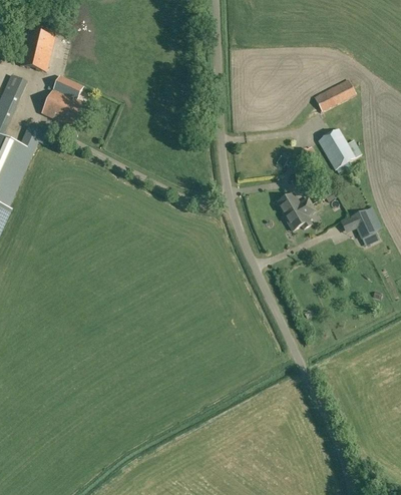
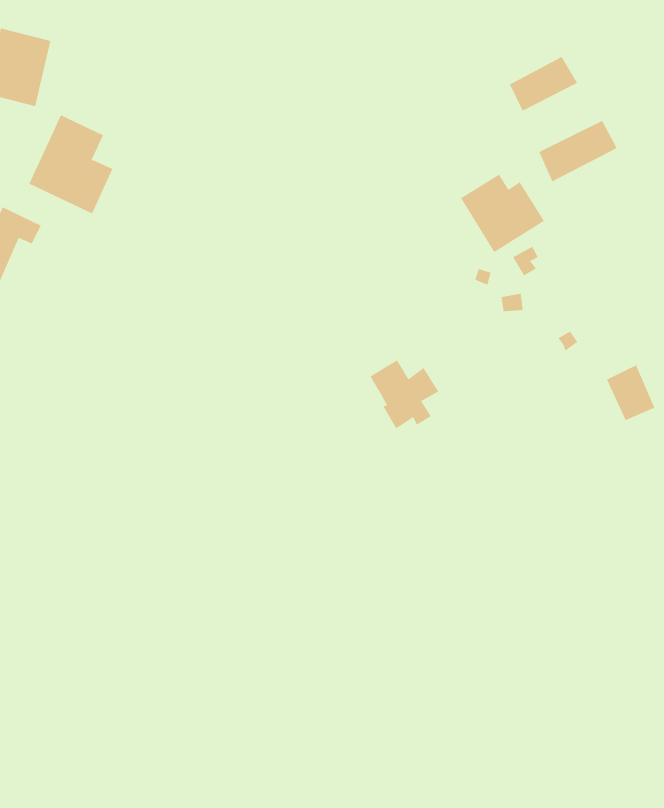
building: none -> [509,56,578,112]
building: [317,127,362,169] -> [460,174,545,253]
building: [278,192,315,229] -> [369,360,439,429]

